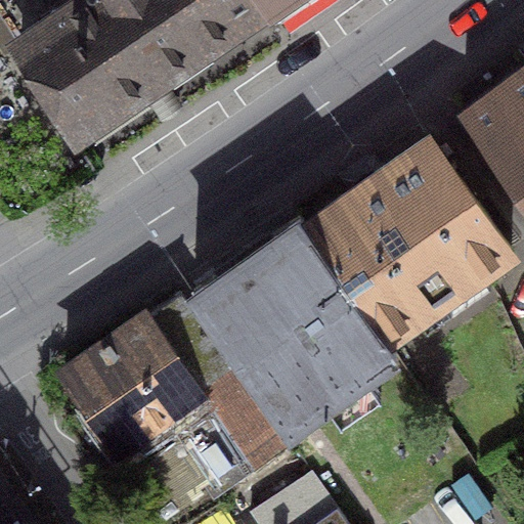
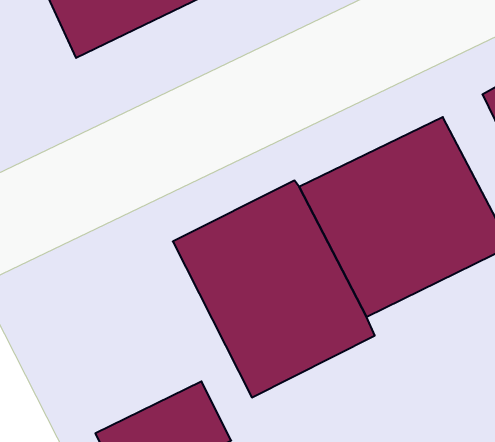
building: [92,317,246,471] -> none

